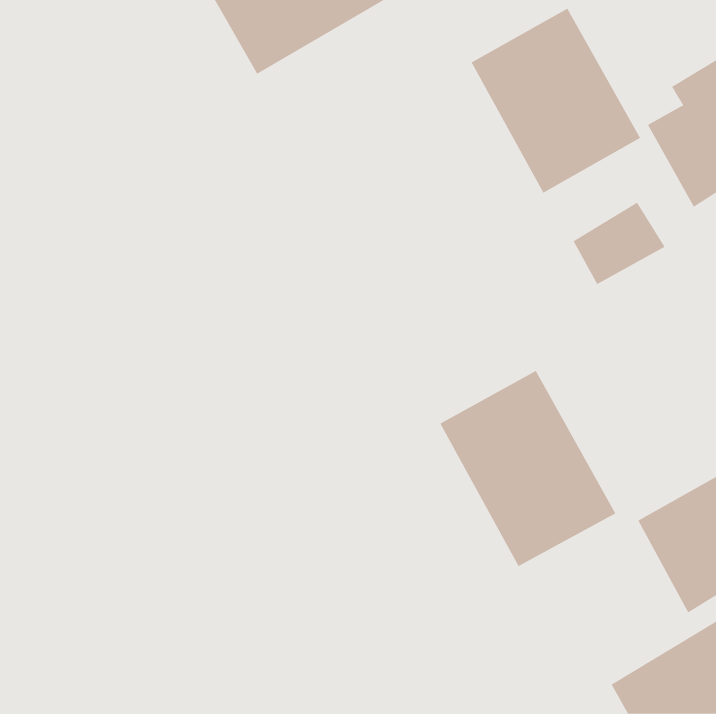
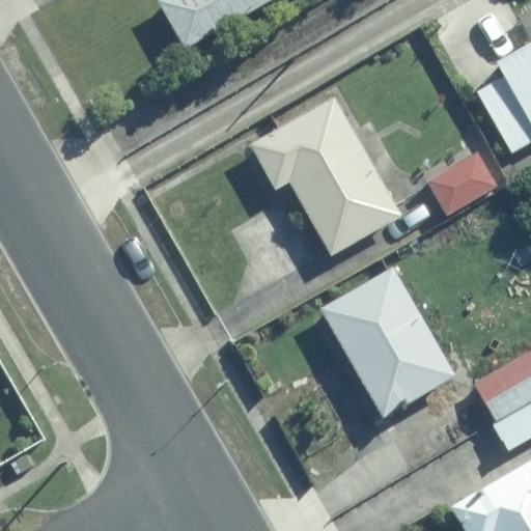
building: [471,8,641,193] -> none
building: none -> [245,94,397,252]

